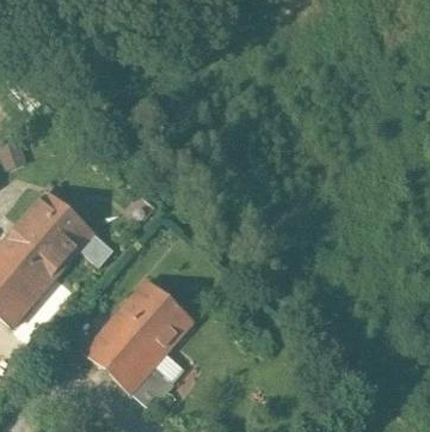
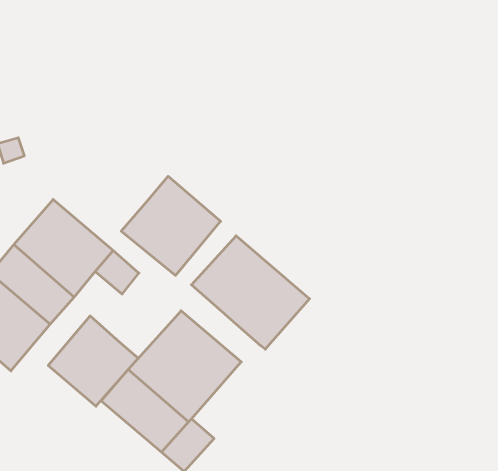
building: none -> [121,176,221,275]
building: none -> [191,236,310,349]
building: none -> [48,316,138,406]

